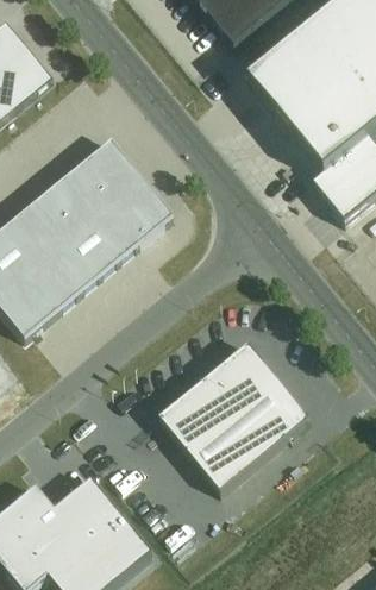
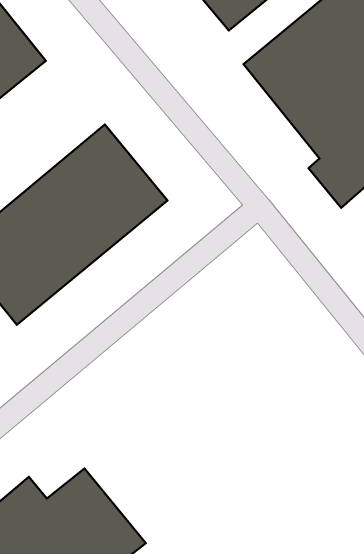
building: [159,343,309,489] -> none

